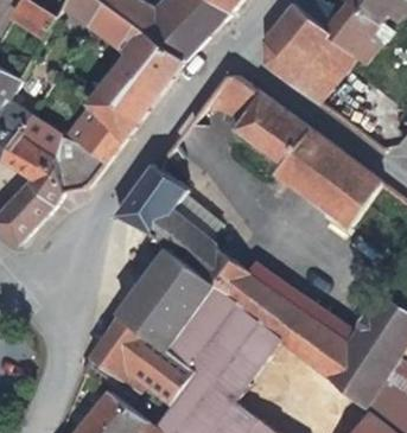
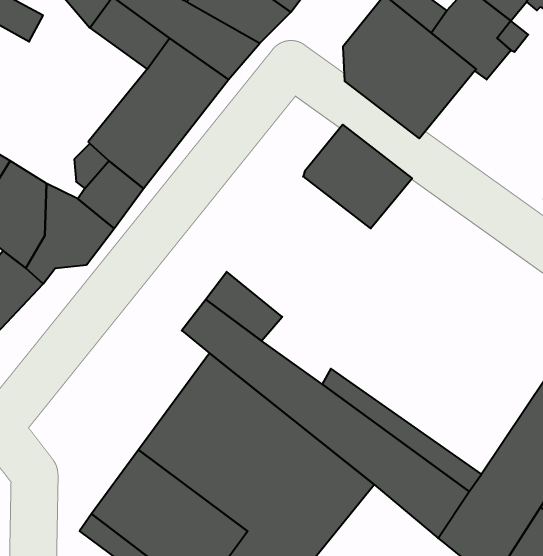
building: [209,74,262,125] -> none
building: [276,129,381,225] -> none
building: [116,164,186,234] -> none

